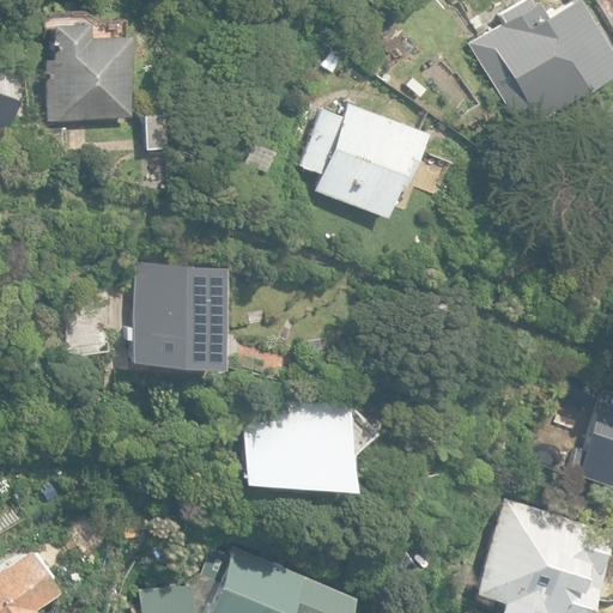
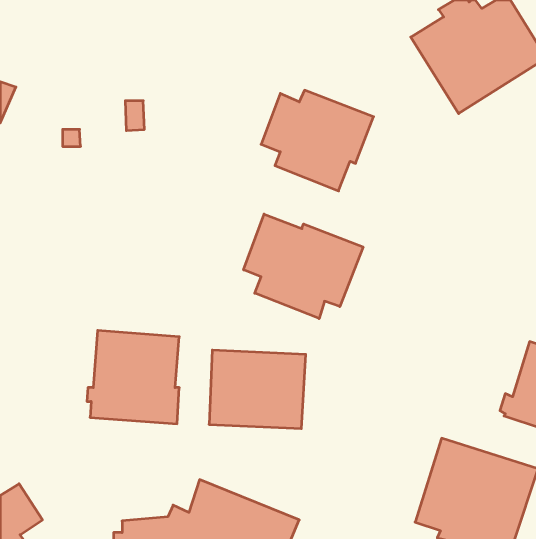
building: [48,23,133,122] -> none
building: none -> [244,214,363,319]
building: [127,262,231,368] -> [87,330,179,424]

